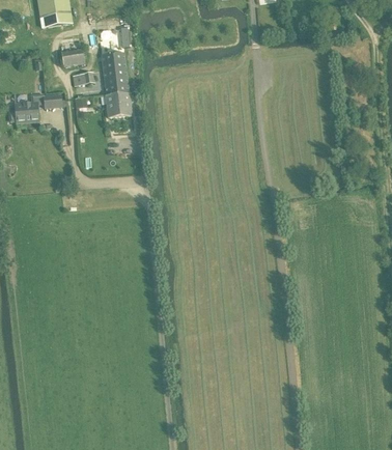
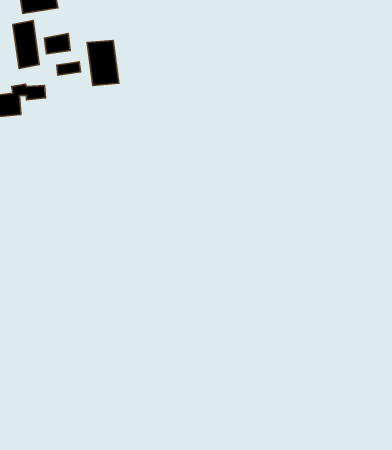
building: none -> [13,21,39,69]
building: [105,91,132,116] -> none

